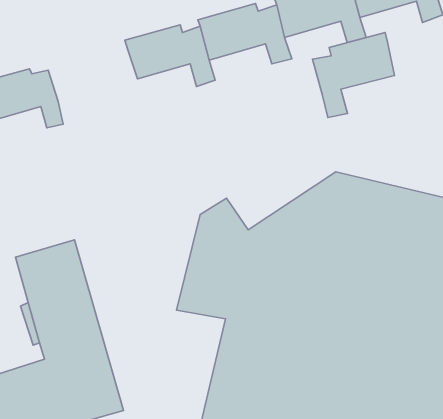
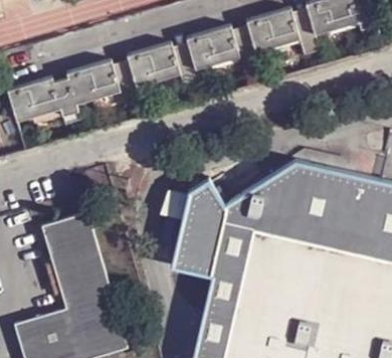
building: [312,32,395,117] -> none
building: none -> [66,57,143,107]

